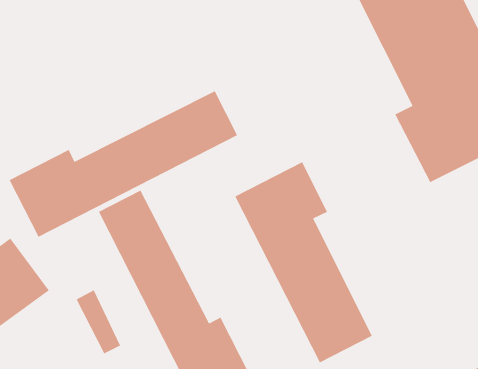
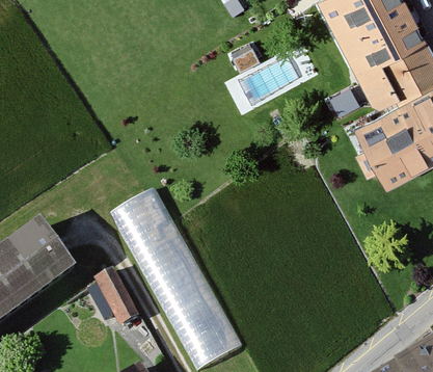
building: [9,90,238,238] -> none
building: [234,161,373,363] -> none

